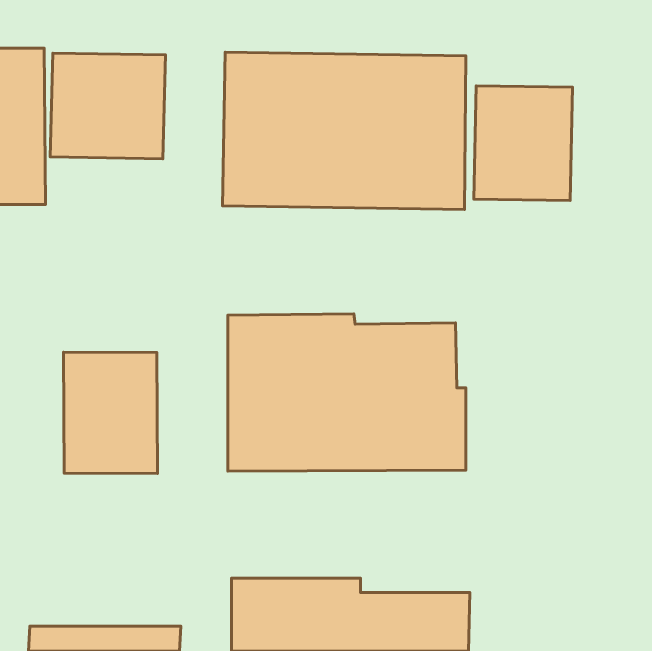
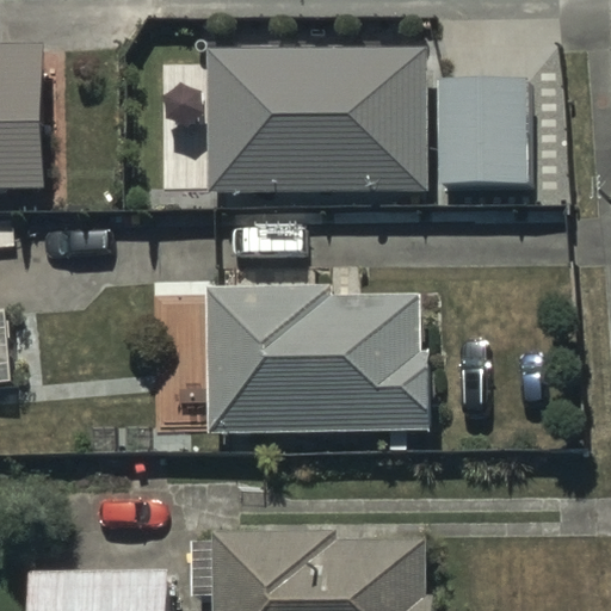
building: [50,53,166,159] -> none
building: [63,352,158,474] -> none

